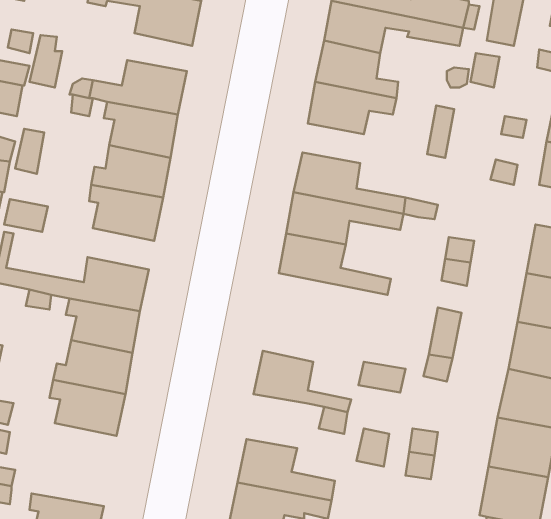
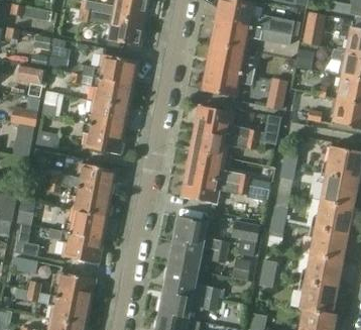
building: none -> [183,173,267,203]
building: none -> [169,240,203,270]
building: none -> [49,272,94,303]

